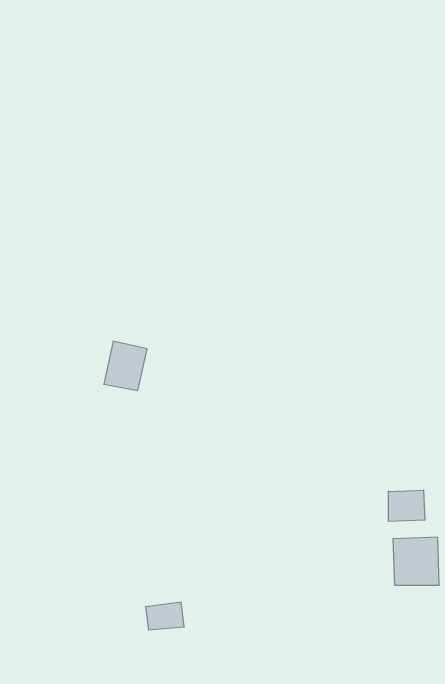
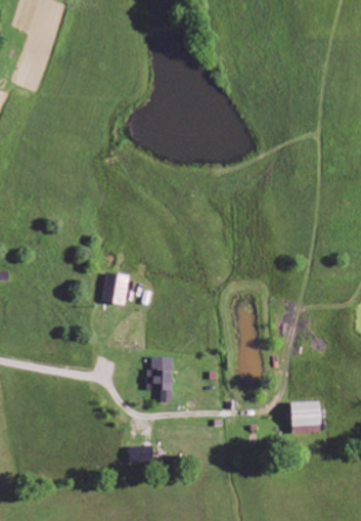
building: none -> [145,356,172,402]
building: [388,490,425,521] -> none

